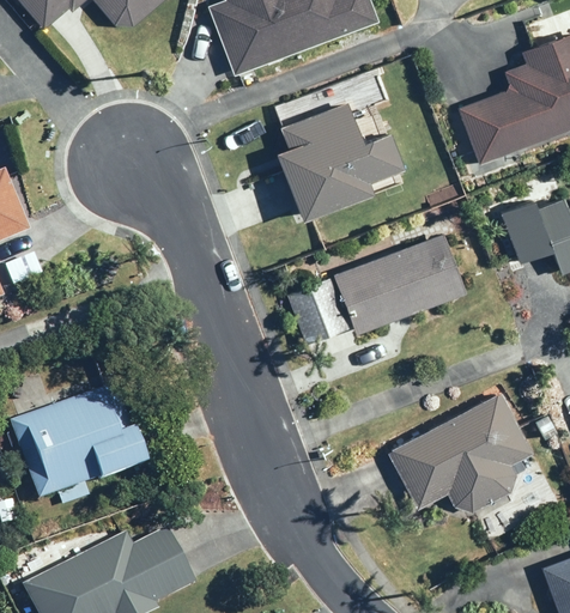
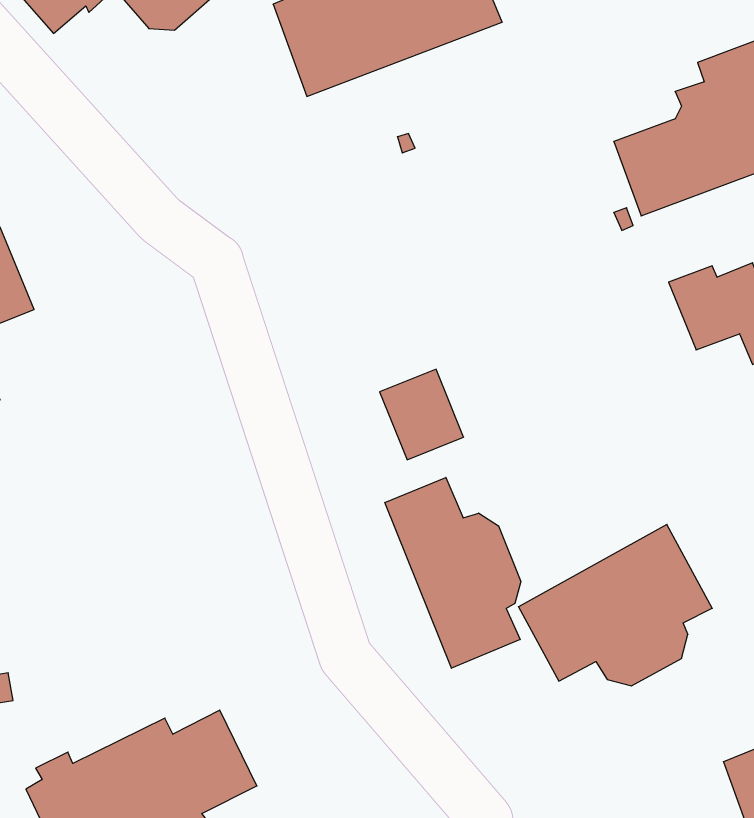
building: [278,102,405,220] -> none
building: [334,233,466,334] -> none
building: none -> [385,477,521,668]
building: [11,386,148,506] -> none

